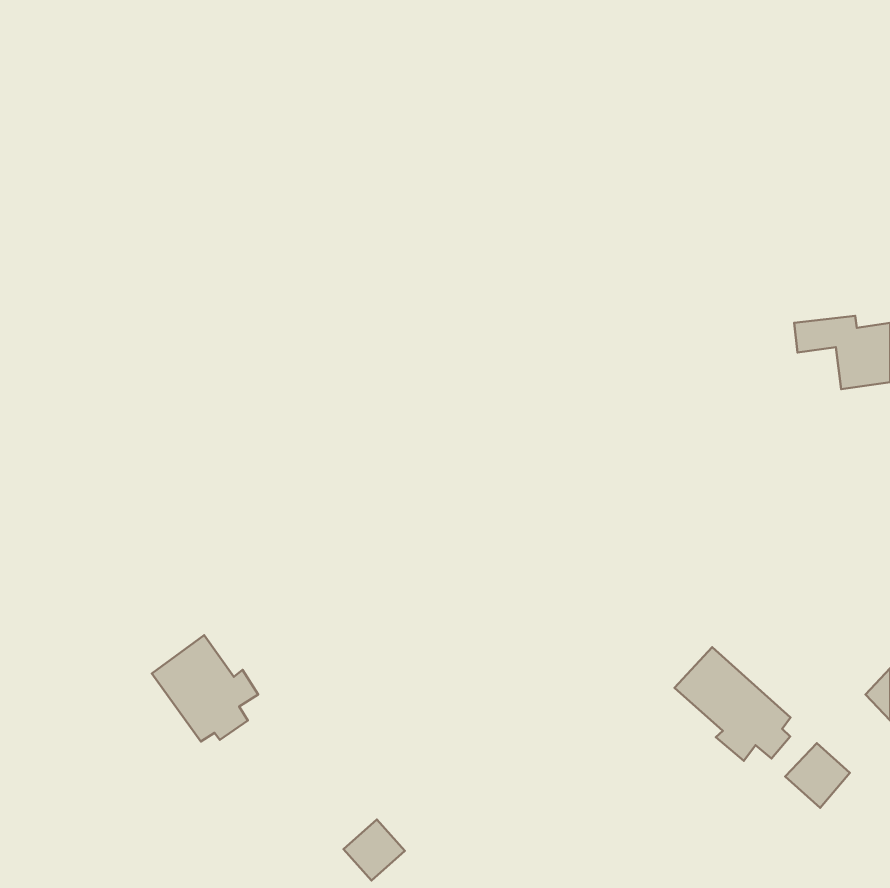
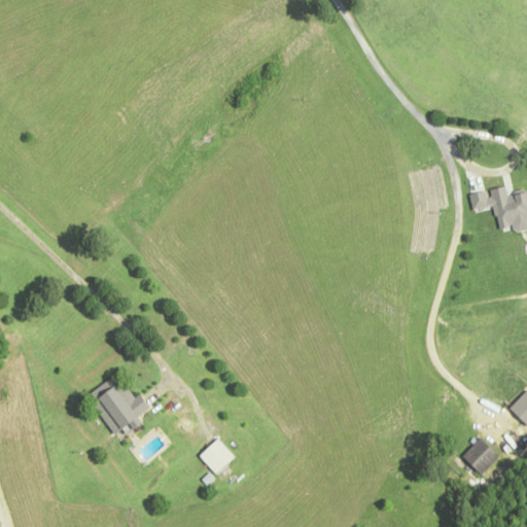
building: [675,647,791,761] -> none
building: [344,819,405,880] -> [202,441,238,477]

